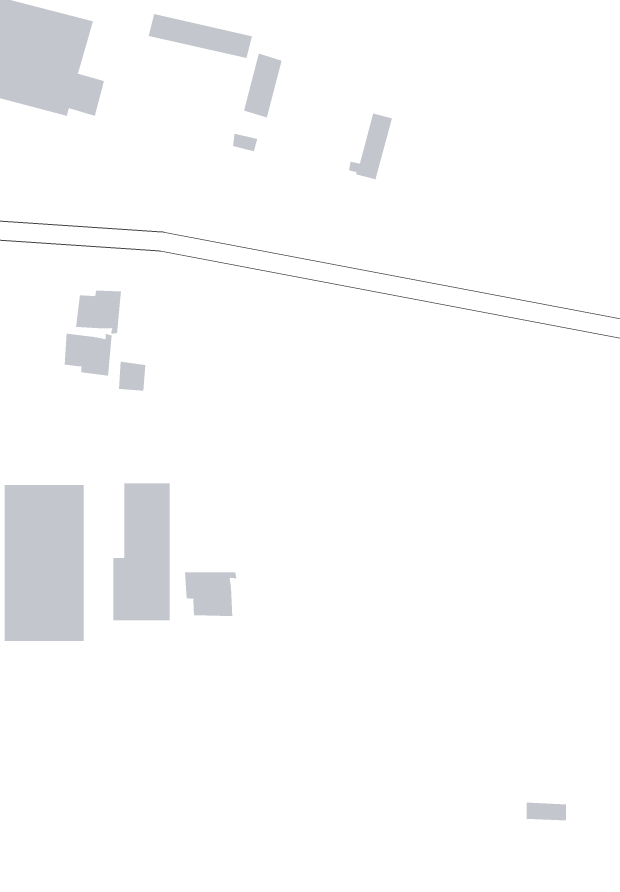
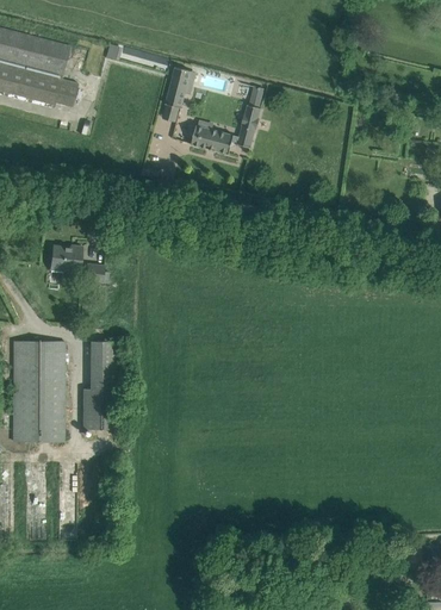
building: none -> [192,124,234,152]
building: [75,290,122,335] -> none
building: [185,572,237,617] -> none

